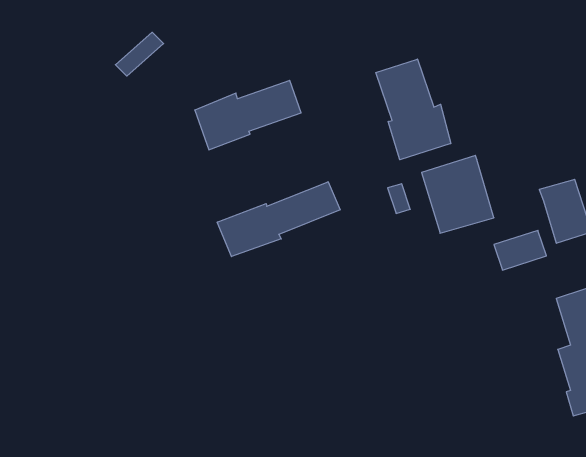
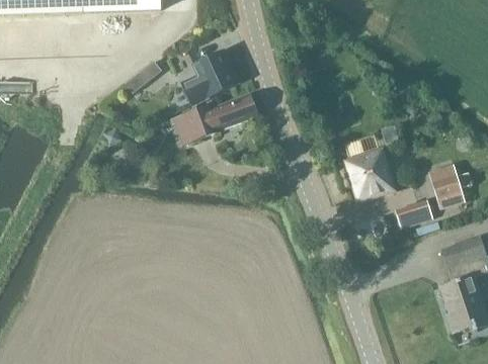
building: none -> [181,48,240,105]
building: [376,59,451,160] -> none
building: [217,182,340,257] -> none

